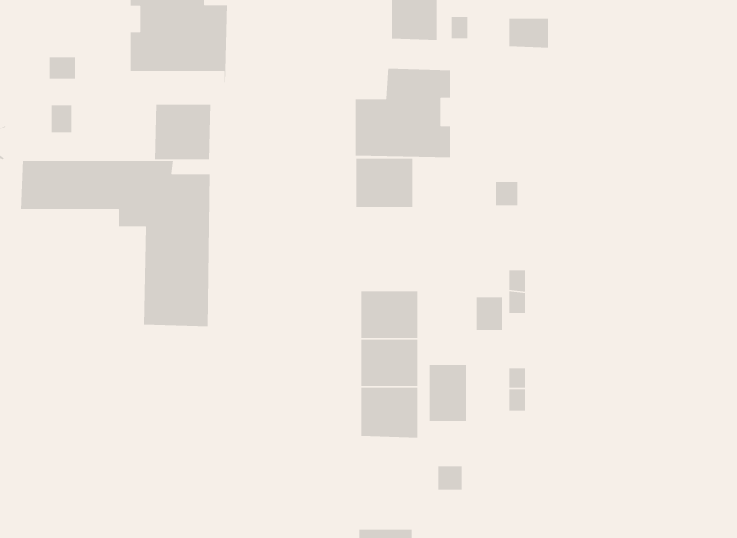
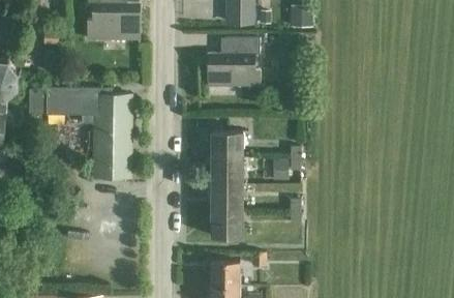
building: [154,104,211,160] -> none
building: [355,158,413,208] -> [211,131,242,158]
building: [429,364,467,422] -> none
building: none -> [210,261,239,287]

